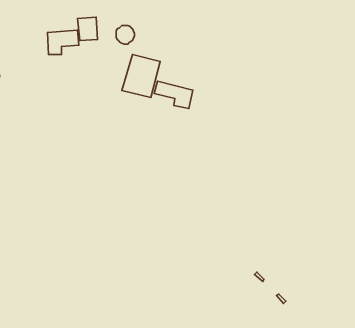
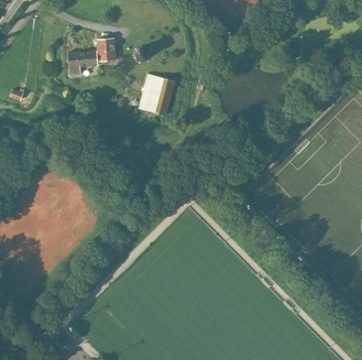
building: [154,81,193,108] -> none

